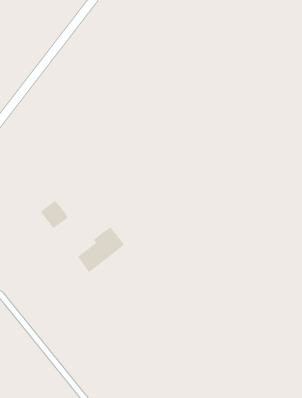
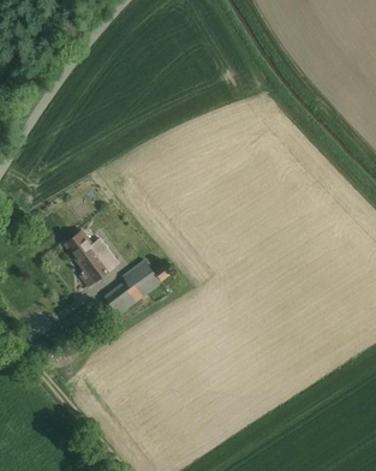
building: none -> [78,239,119,286]

